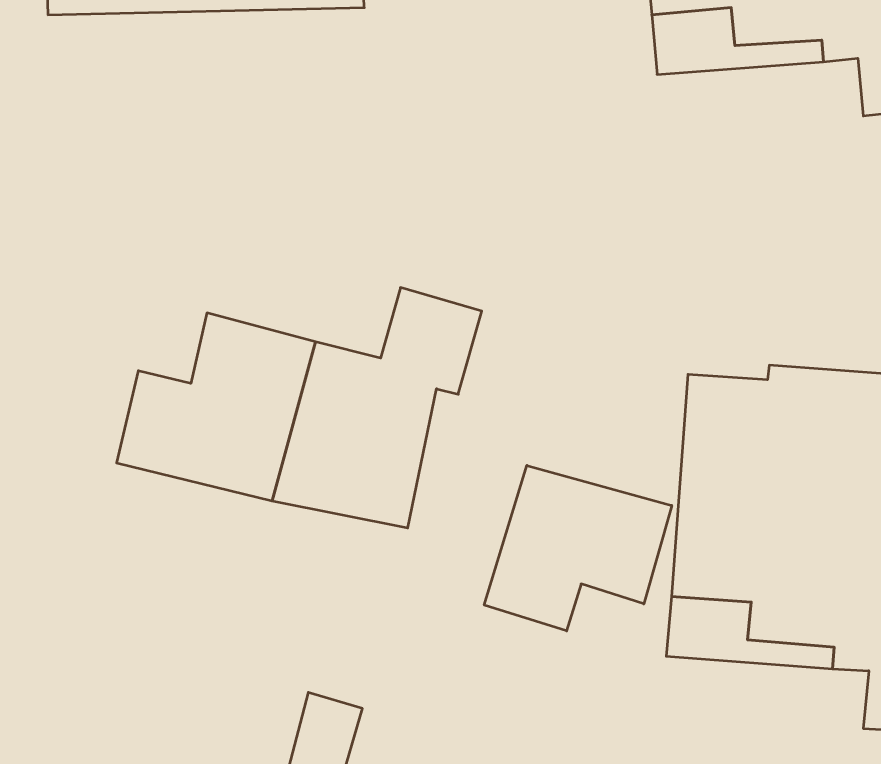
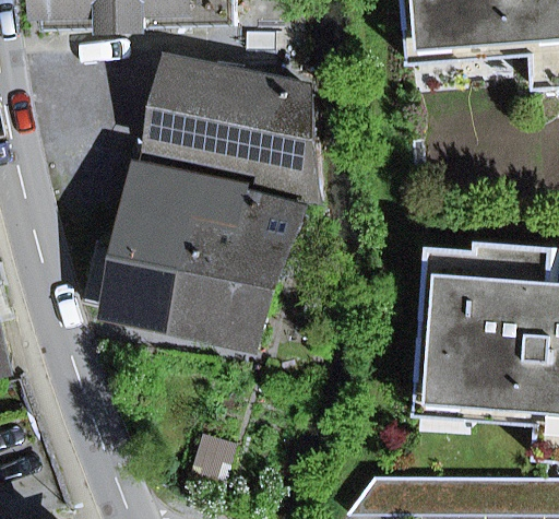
building: none -> [152,58,321,196]
building: none -> [140,158,257,231]
building: [484,465,672,631] -> none

